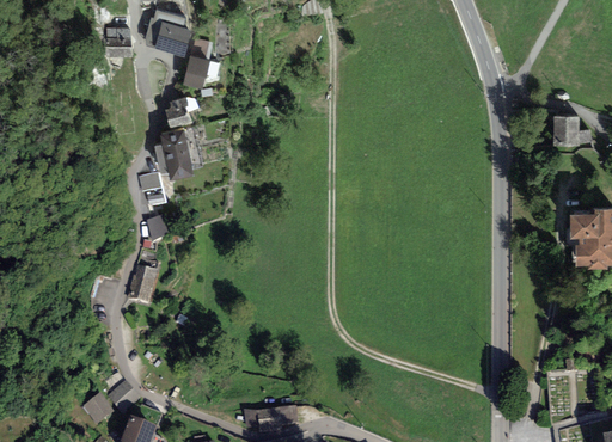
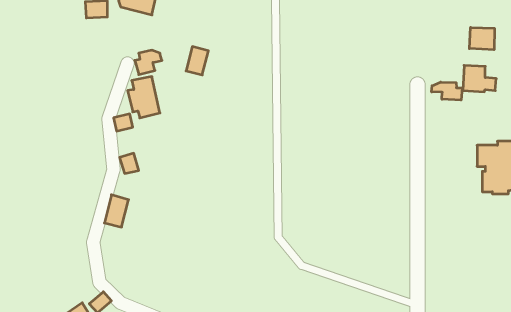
building: [183,50,209,84] -> [186,47,208,75]
building: none -> [469,27,494,50]
building: none -> [432,82,462,100]

